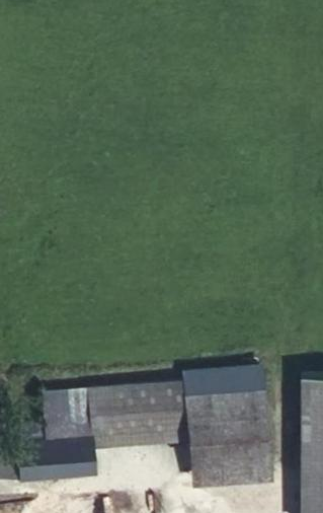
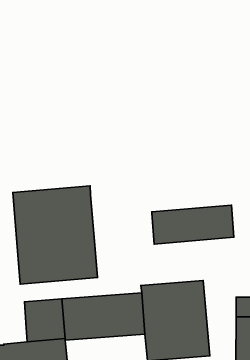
building: none -> [13,186,97,284]
building: none -> [152,205,234,244]

